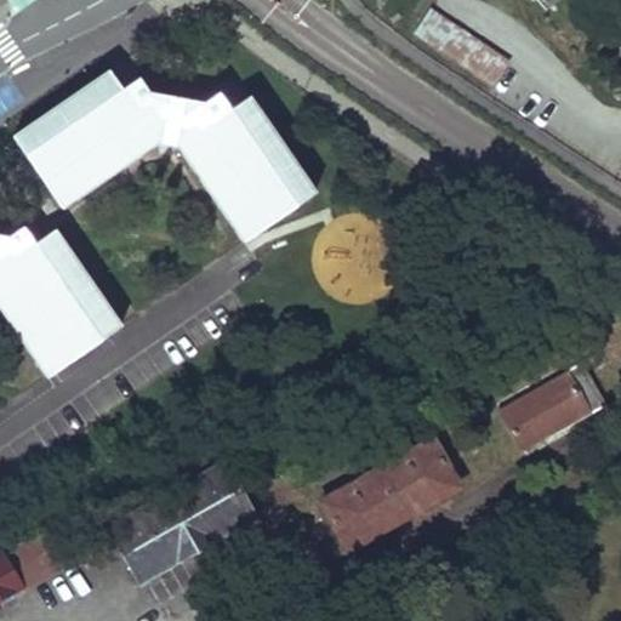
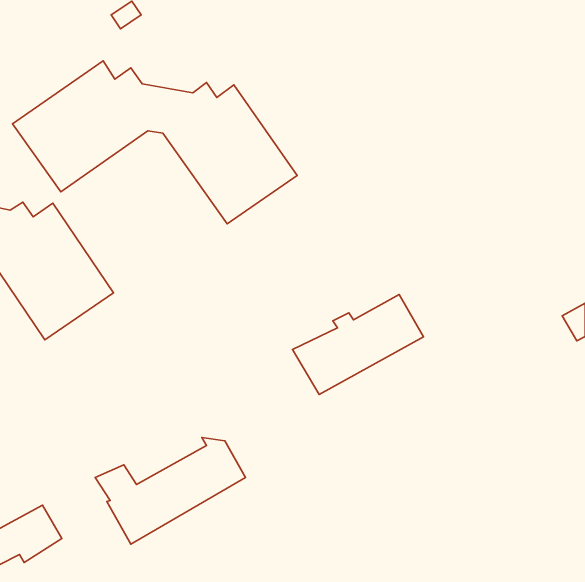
building: [498,369,603,454] -> none
building: [320,448,458,553] -> [293,295,423,394]

